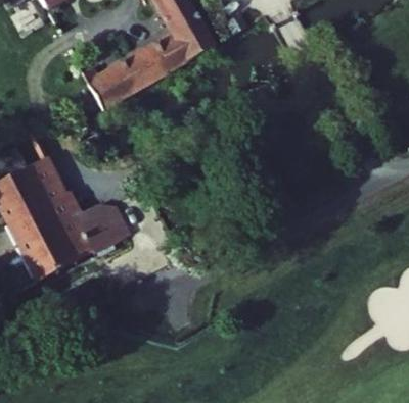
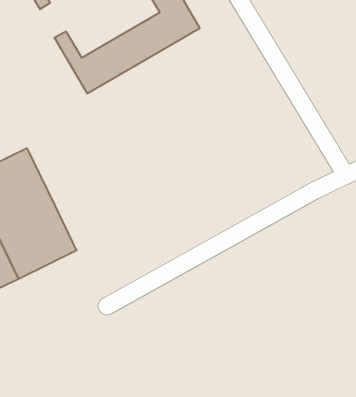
building: [76,201,132,256] -> none

